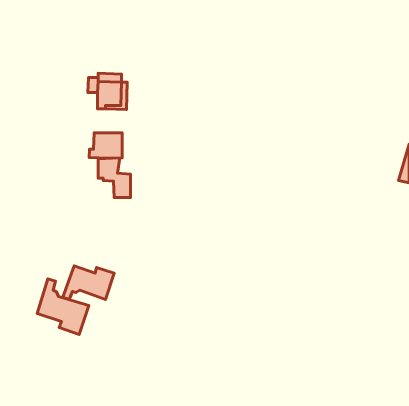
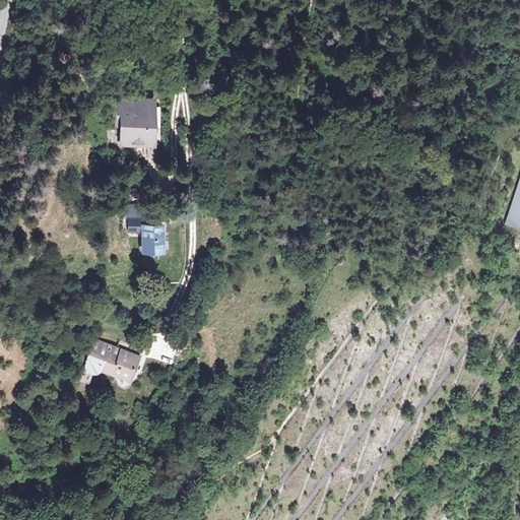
building: [89,133,122,158] -> none
building: [37,279,89,334] -> none

